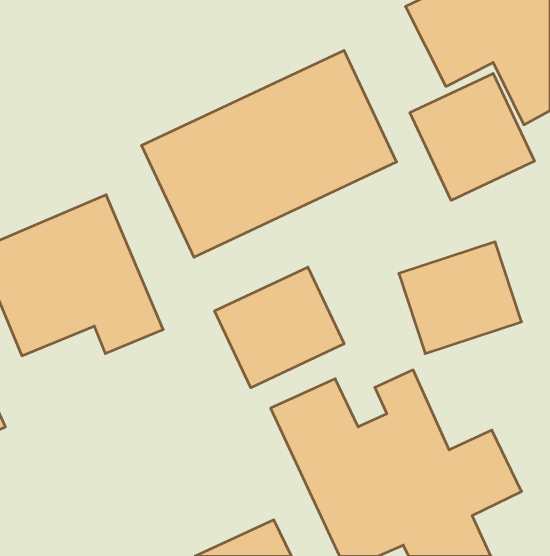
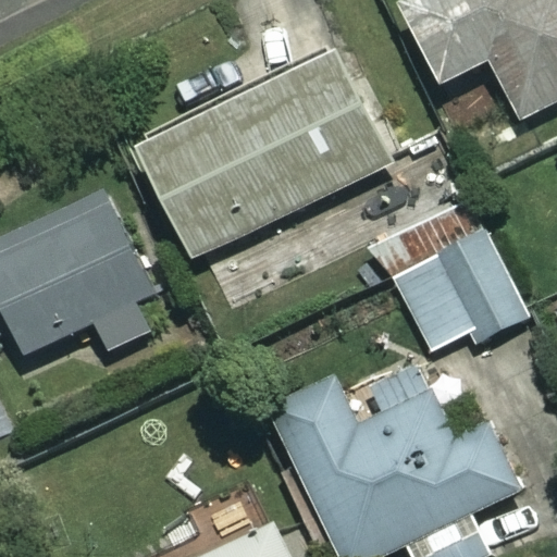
building: [410,73,534,200] -> none
building: [215,267,344,388] -> none

